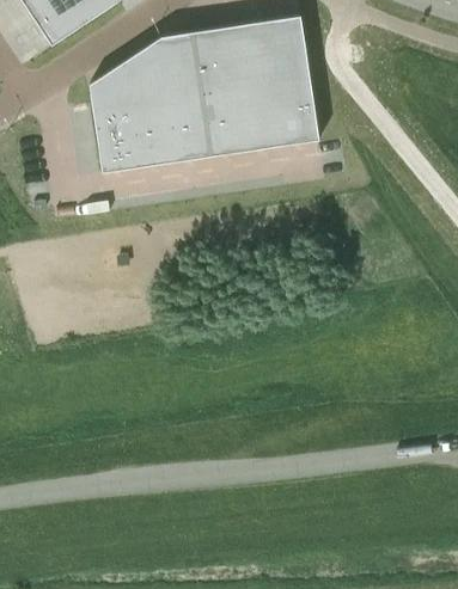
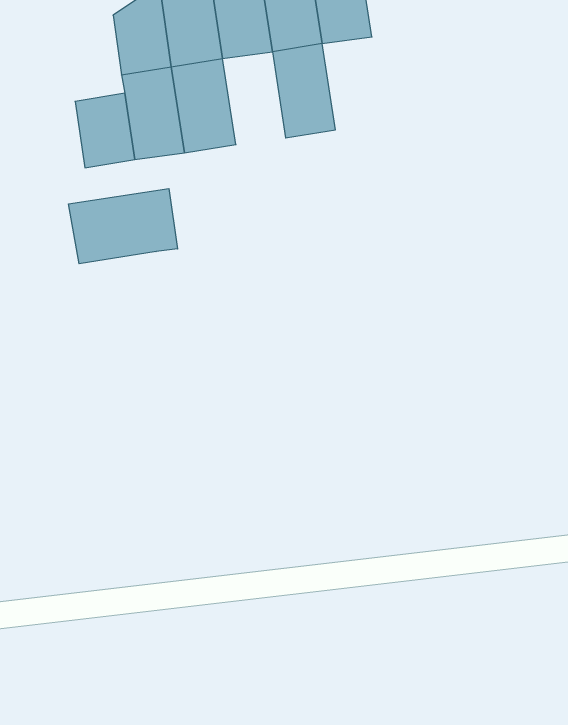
building: [88,62,130,124] -> none
building: [273,78,318,145] -> none
building: [201,88,246,155] -> none
building: none -> [69,189,178,264]

